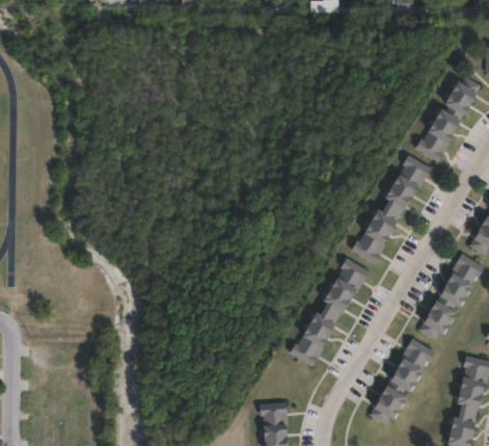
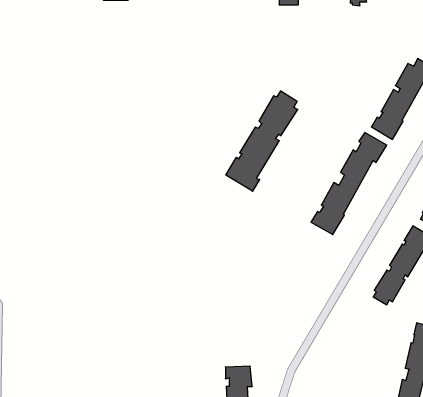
building: none -> [226,91,298,191]
building: [289,259,370,369] -> none
building: [371,336,436,423] -> none

